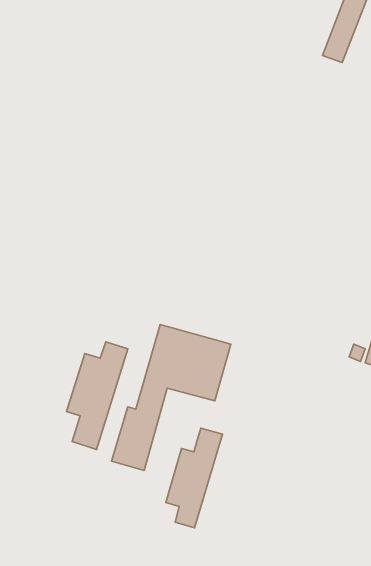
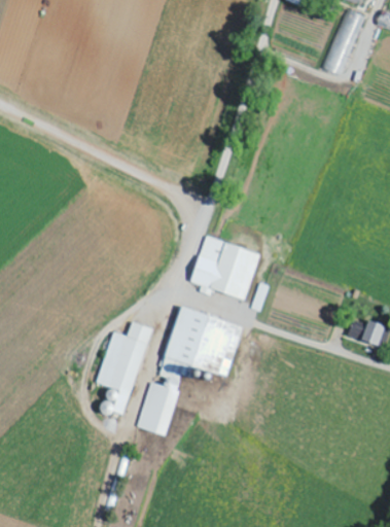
building: none -> [190,236,259,301]
building: [166,428,222,528] -> none

